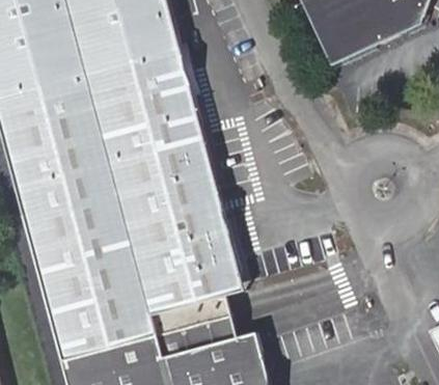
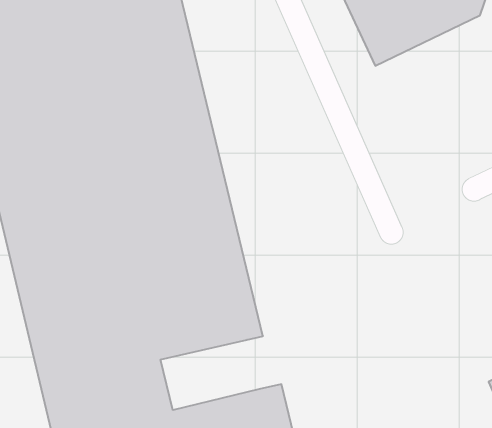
building: [153,296,236,355] -> none

